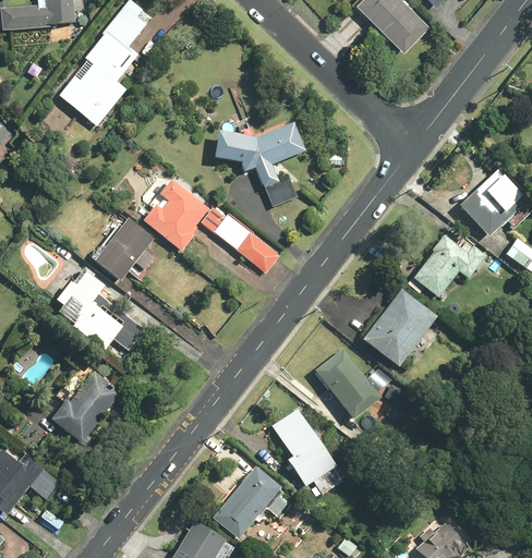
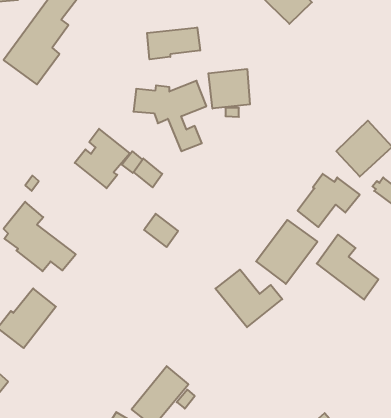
building: none -> [147,27,200,59]
building: none -> [208,69,250,109]
building: [95,217,155,281] -> none
building: [237,231,278,271] -> [144,214,178,247]
building: none -> [317,235,378,300]
building: [273,409,344,494] -> none

